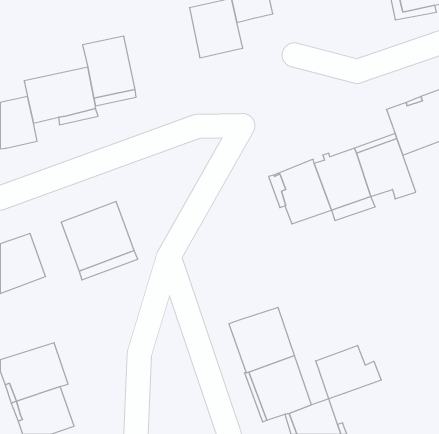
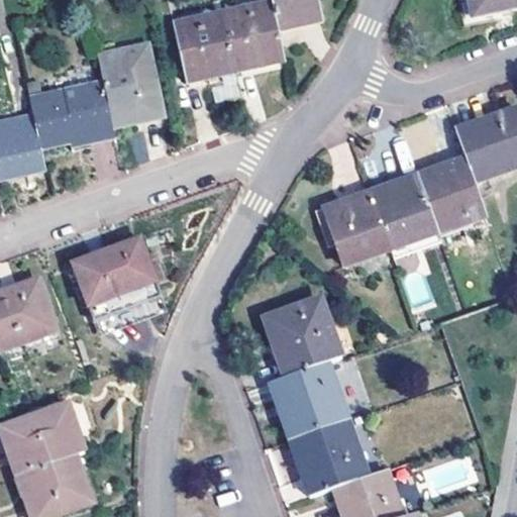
building: none -> [173,9,235,79]
building: none -> [264,297,340,375]
building: [316,345,381,399] -> none

